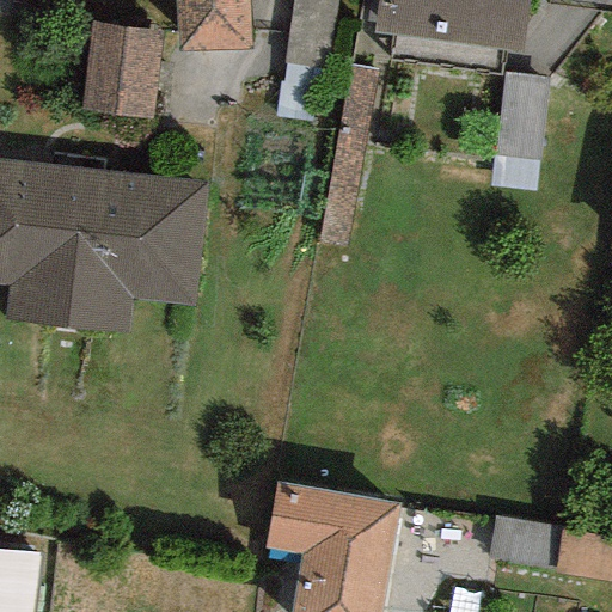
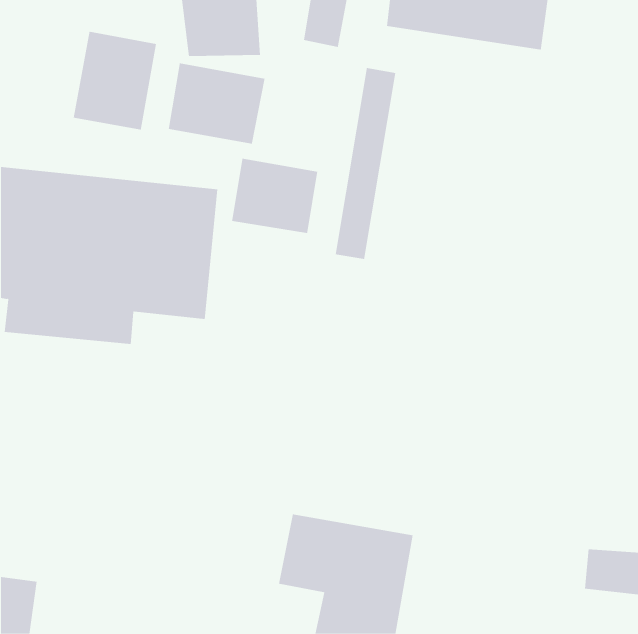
building: none -> [168,63,265,144]
building: [488,72,549,190] -> none
building: none -> [232,158,318,234]

